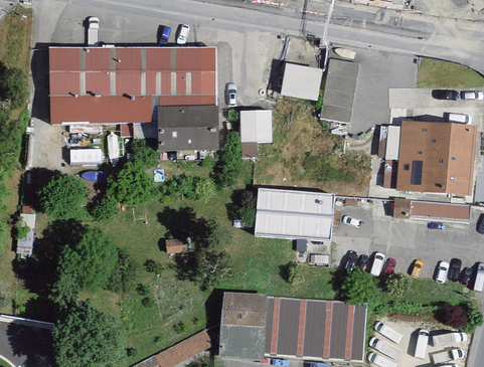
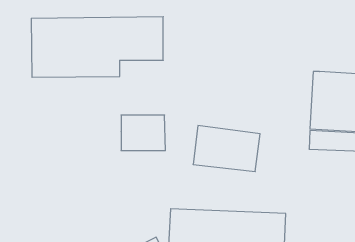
building: [283,61,328,99] -> none
building: [158,105,213,149] -> [121,115,165,151]
building: [241,108,274,139] -> none

